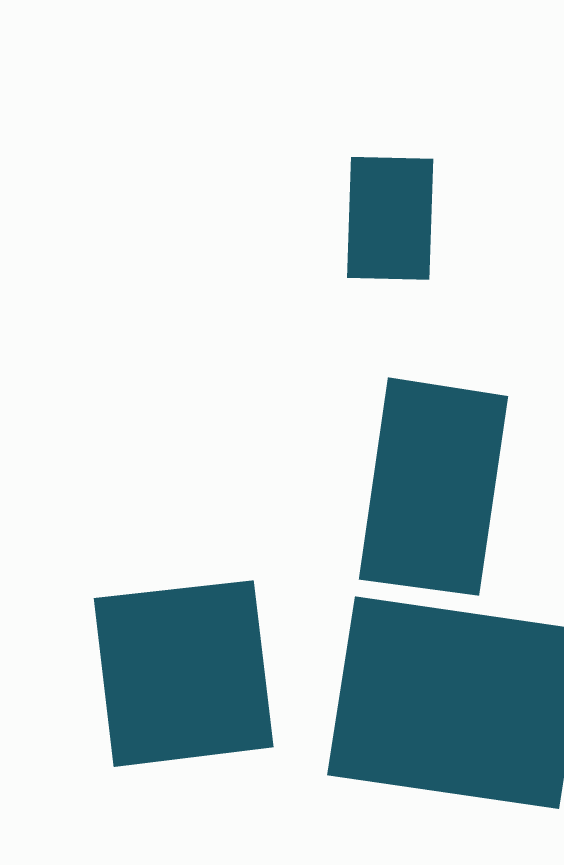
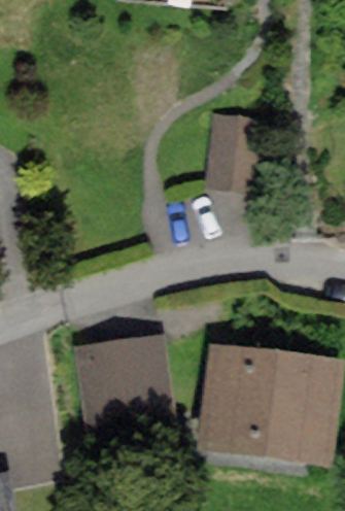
building: [358,377,509,596] -> none

